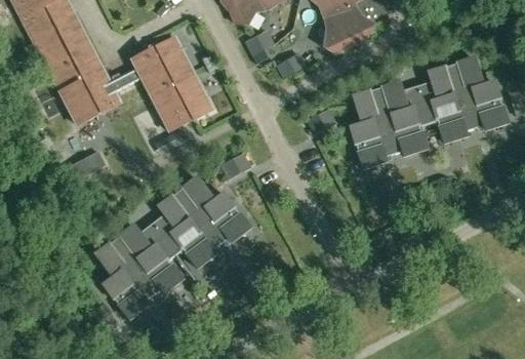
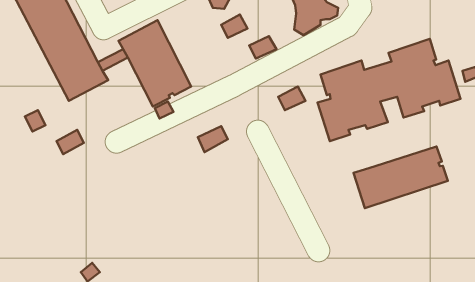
building: none -> [354,147,448,208]
building: [94,176,249,318] -> none

